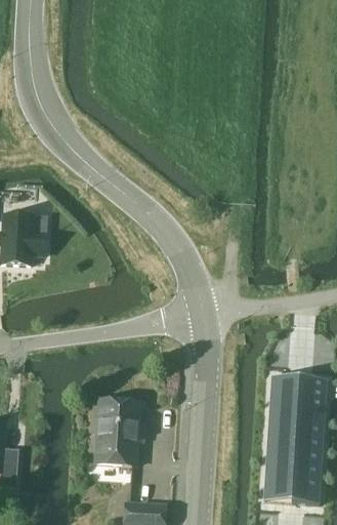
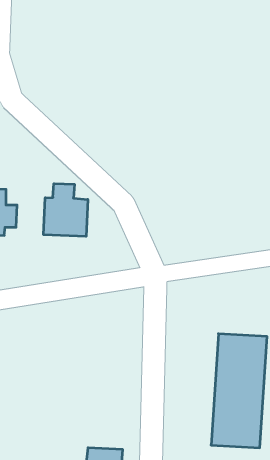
building: none -> [44,184,88,236]
building: [94,399,140,465] -> none

